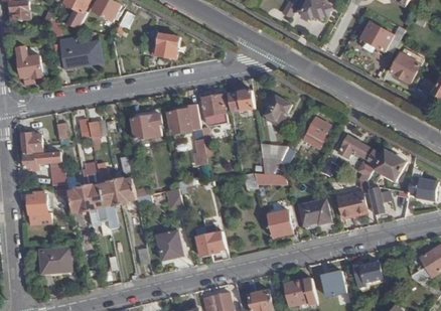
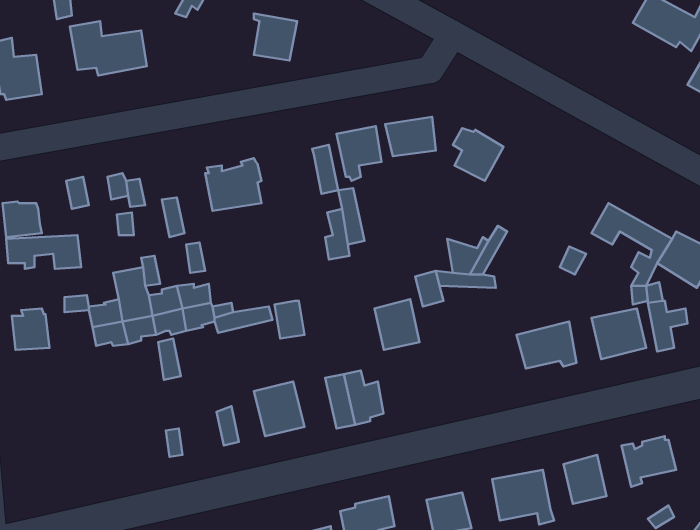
building: [168,109,193,134] -> none
building: [303,118,329,149] -> none
building: [269,209,293,237] -> [375,299,420,350]
building: [40,249,71,272] -> none

